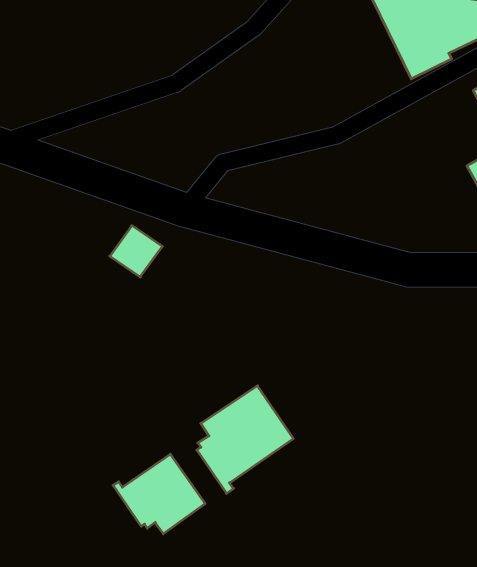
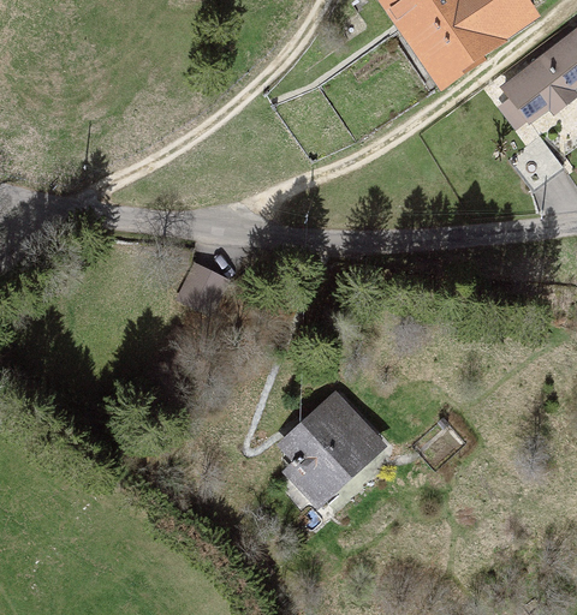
building: [113,454,205,534] -> none

